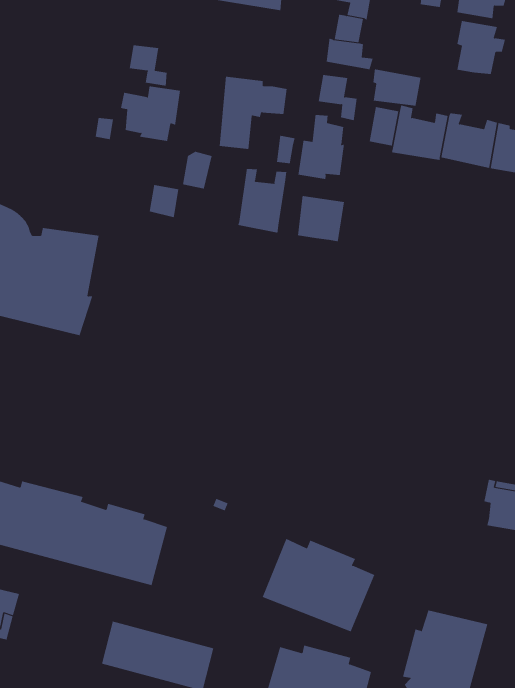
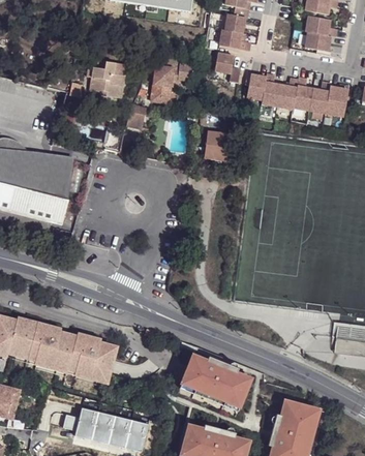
building: [129,45,167,86] -> none
building: [373,69,421,107] -> none
building: [298,114,345,180] -> none
building: [238,168,287,233] -> none

